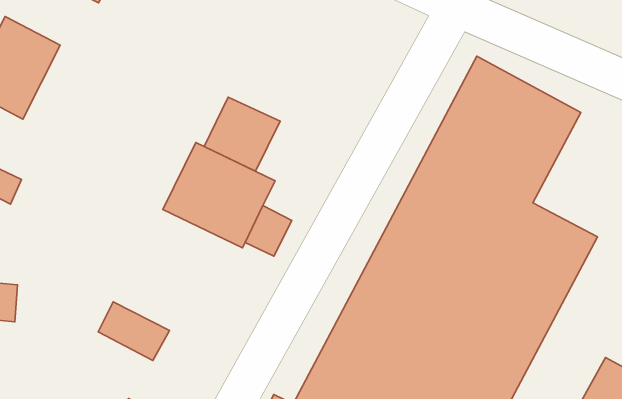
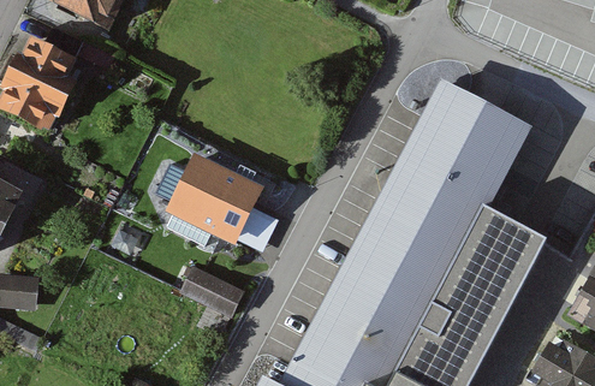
building: [204,97,280,171] -> none
building: [98,302,169,361] -> [184,268,246,320]

